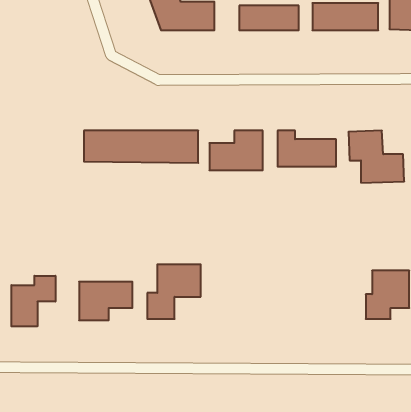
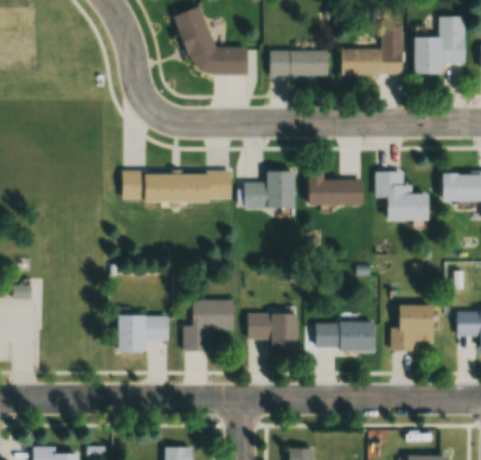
building: [11,276,55,326] -> none
building: none -> [248,313,297,352]
building: none -> [316,322,374,351]

